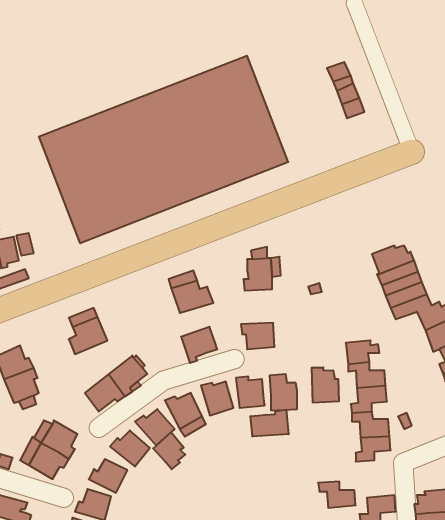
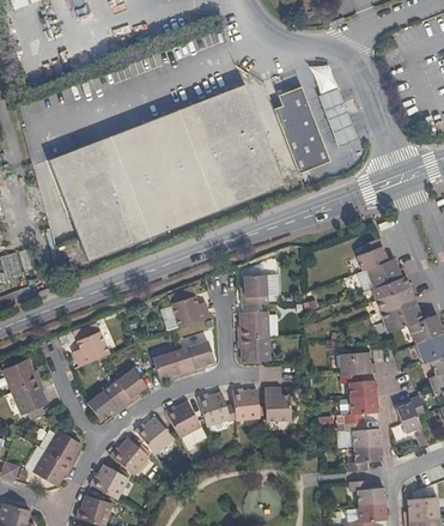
building: none -> [273,81,332,169]
building: none -> [354,238,385,272]
building: none -> [238,312,269,338]
building: none -> [153,350,189,380]
building: [312,367,339,403] -> none
building: none -> [396,397,425,433]
building: [251,410,289,437] -> none
building: [153,432,185,469] -> none
building: [318,482,356,508] -> [349,479,385,504]

